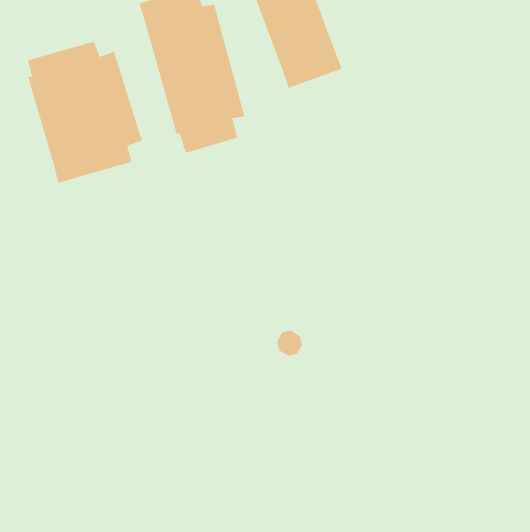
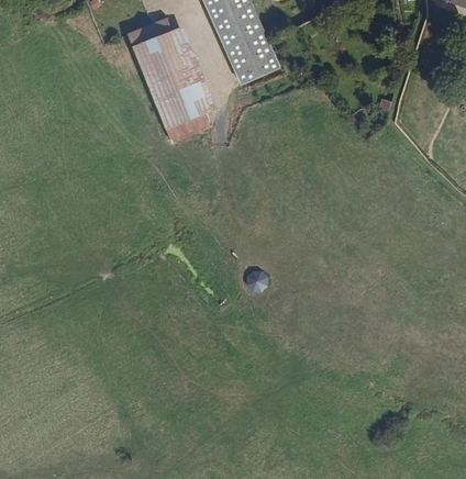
building: [27,41,142,184] -> none

